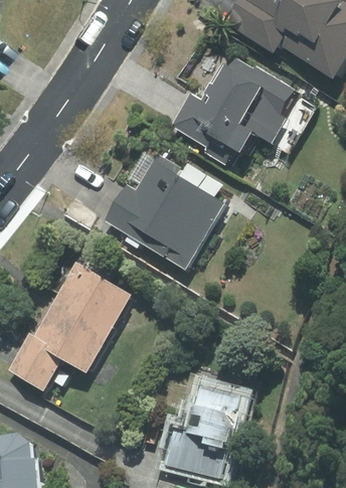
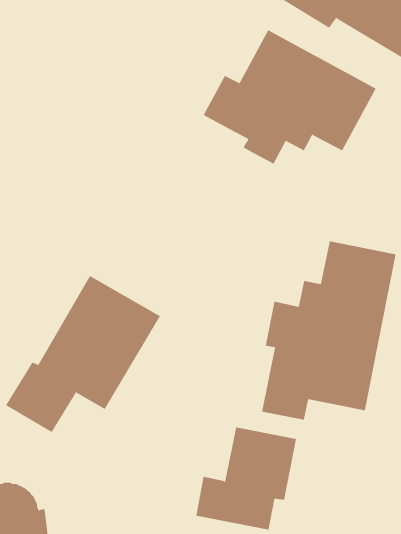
building: [103,154,228,271] -> none
building: none -> [262,240,396,420]

